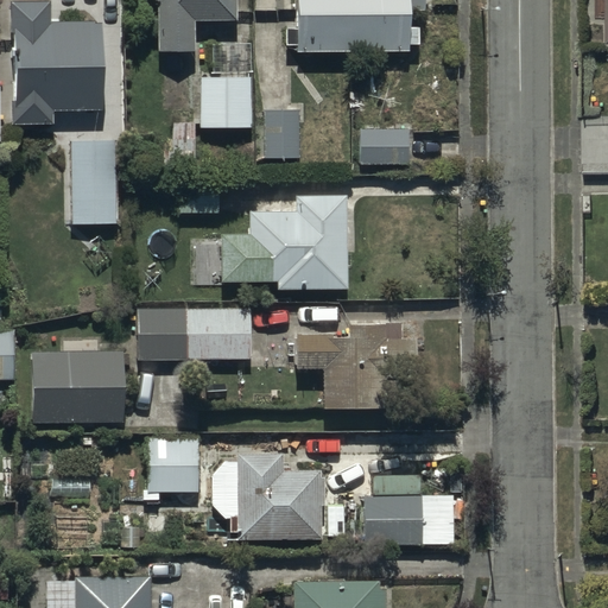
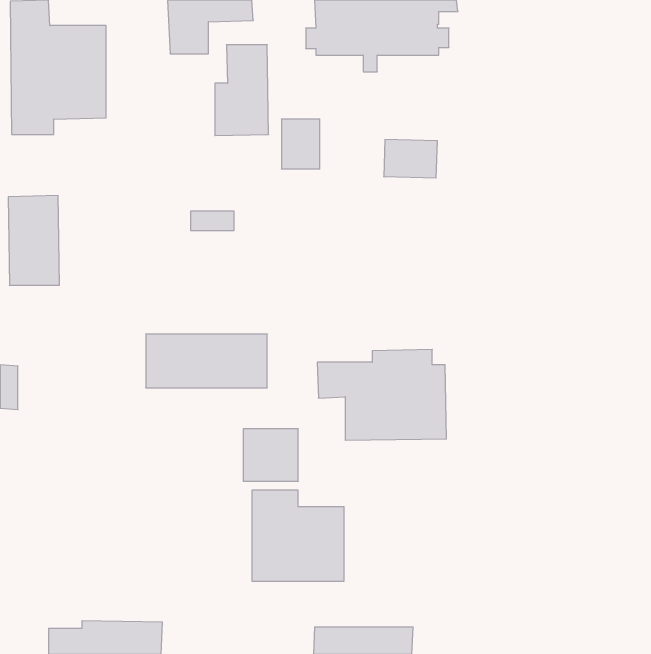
building: [70,141,118,224] -> [8,196,59,285]
building: [221,194,349,290] -> none
building: [33,352,124,420] -> none
building: [148,441,200,489] -> [243,429,298,481]
building: [363,495,422,544] -> none

